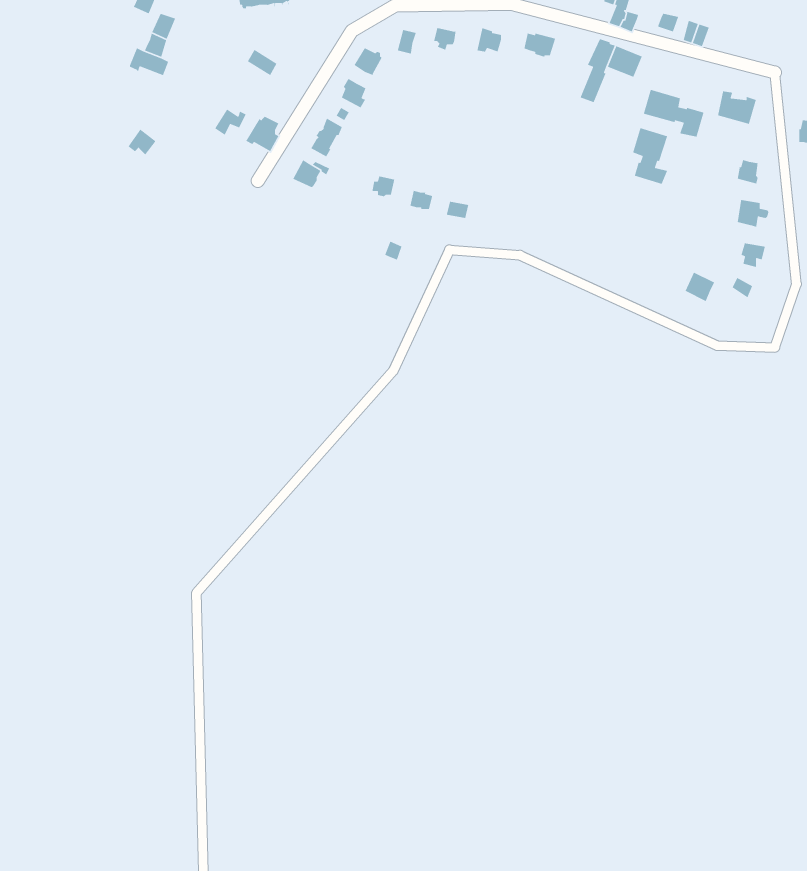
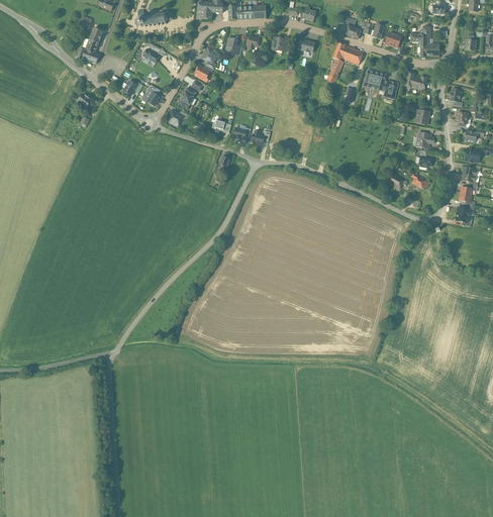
building: none -> [410,32,439,57]
building: [632,127,668,185] -> none

